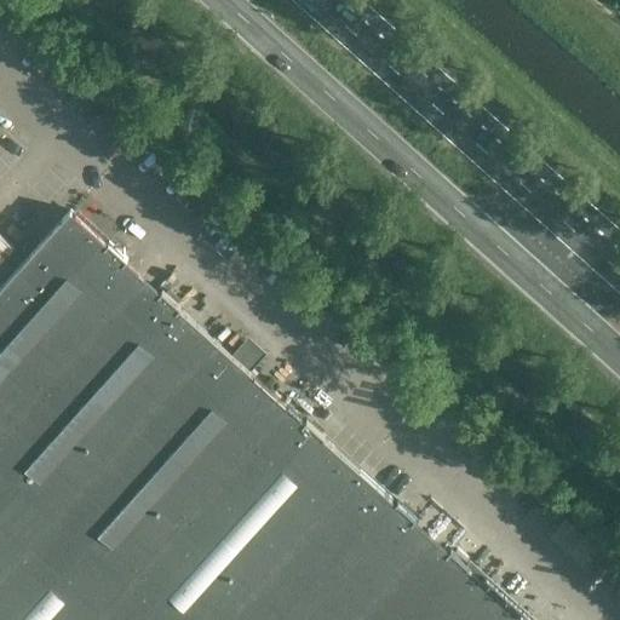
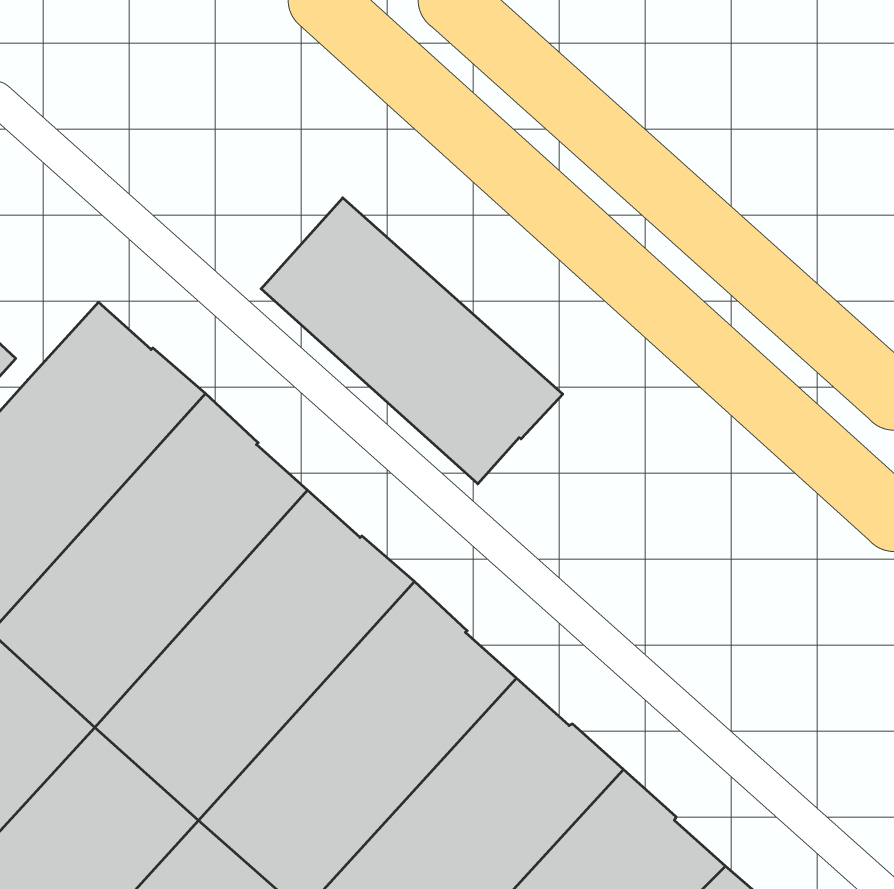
building: none -> [261,198,563,484]

